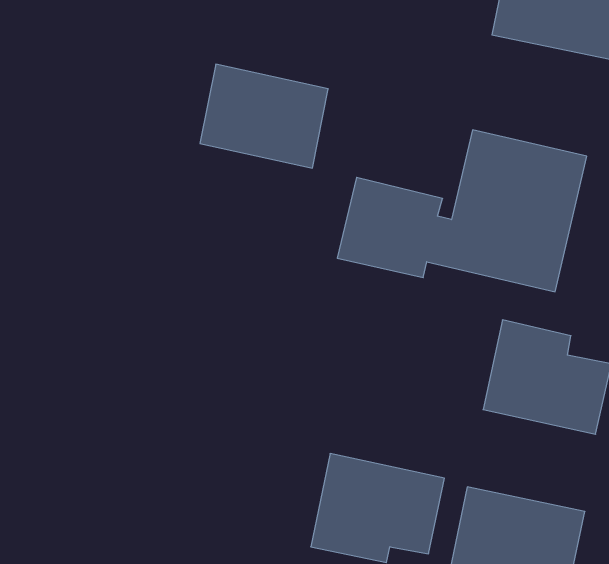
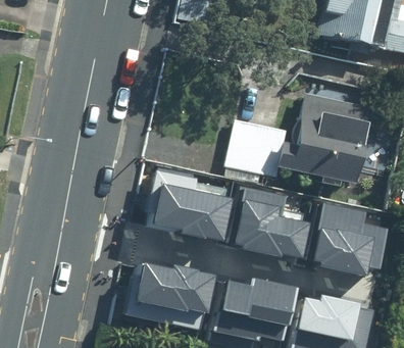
building: [200,64,328,168] -> [150,168,224,229]
building: none -> [232,186,306,249]
building: none -> [131,266,207,328]

